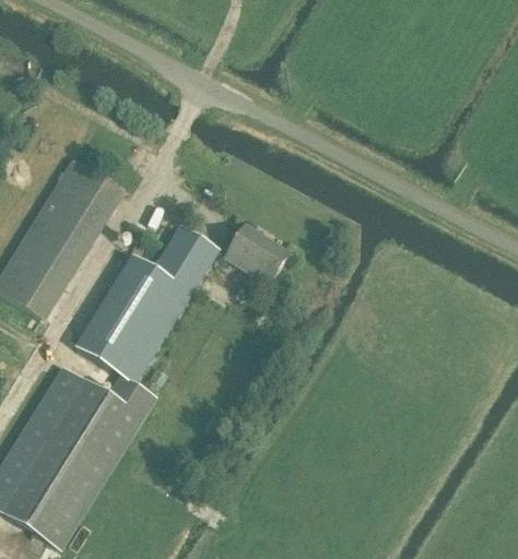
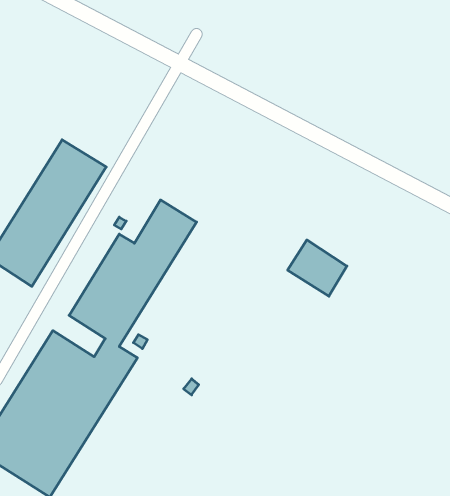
building: [225,223,290,284] -> [288,240,347,296]

